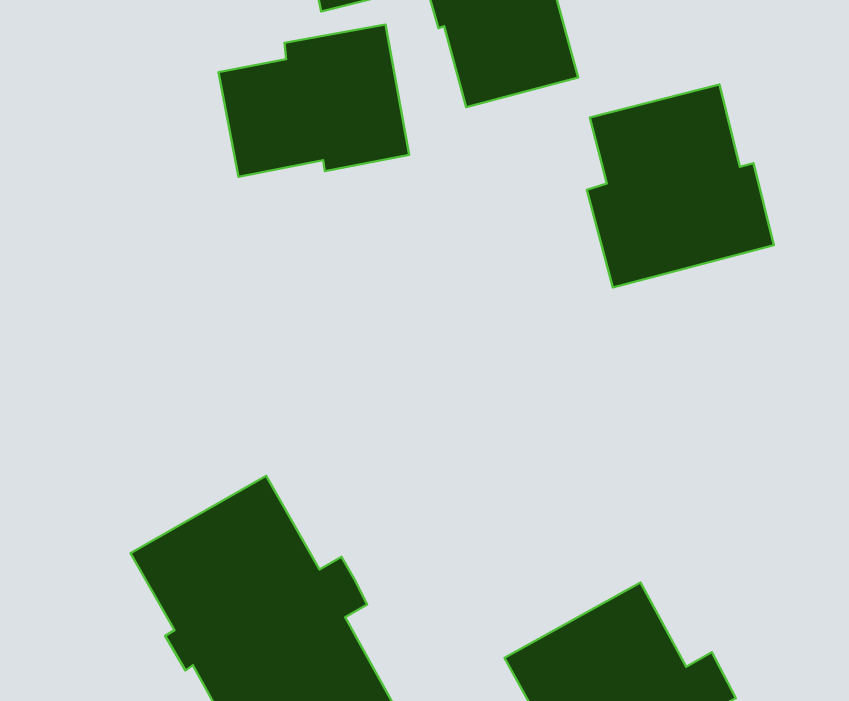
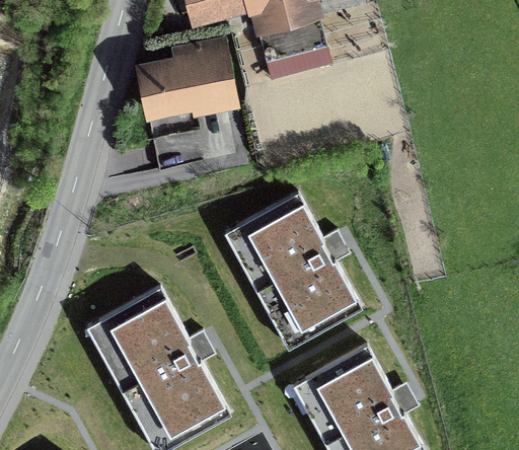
building: [587,85,774,288] -> none
building: none -> [223,192,364,352]

